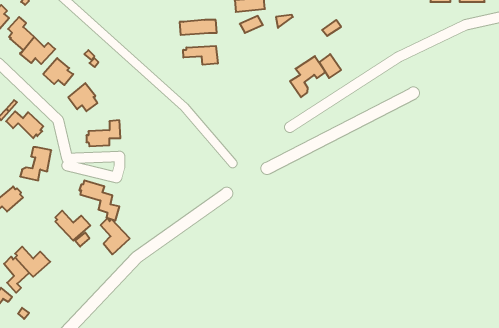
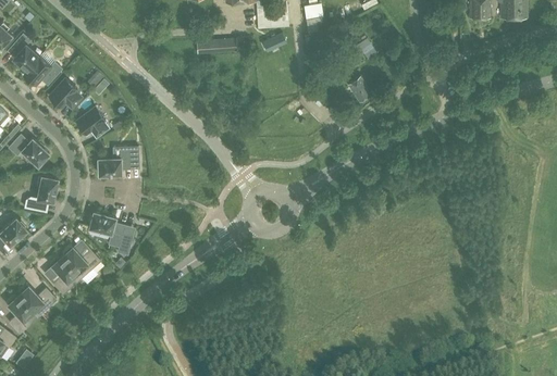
building: [183,46,218,65] -> none
building: [290,56,325,97] -> none
building: [101,218,130,254] -> [50,255,82,294]

